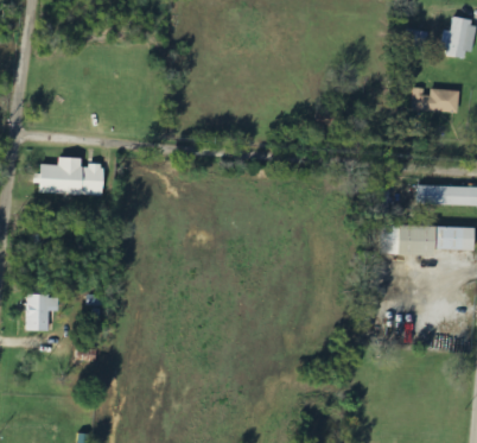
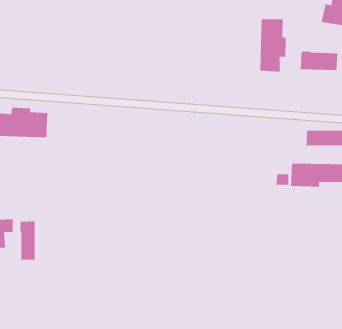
building: none -> [260,18,286,73]
building: none -> [20,221,35,261]

